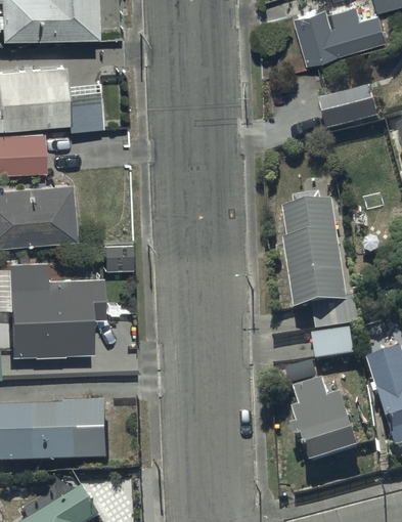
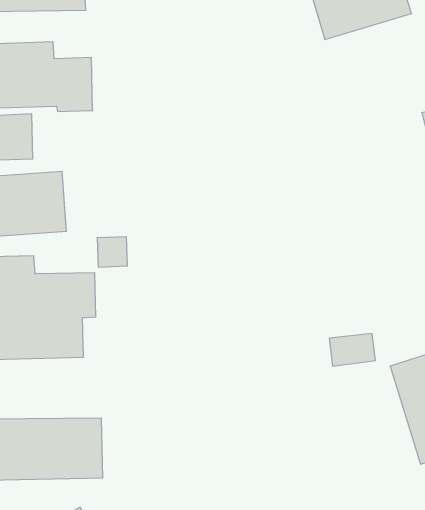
building: [319,87,378,132] -> none
building: [281,192,360,328] -> none
building: [291,380,356,463] -> none

